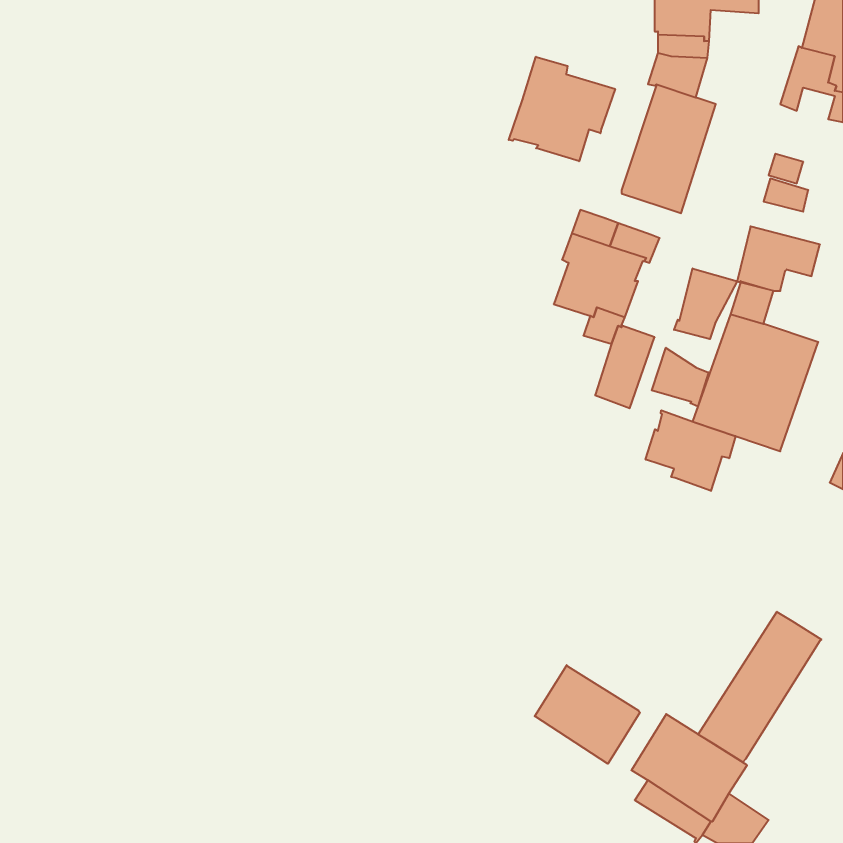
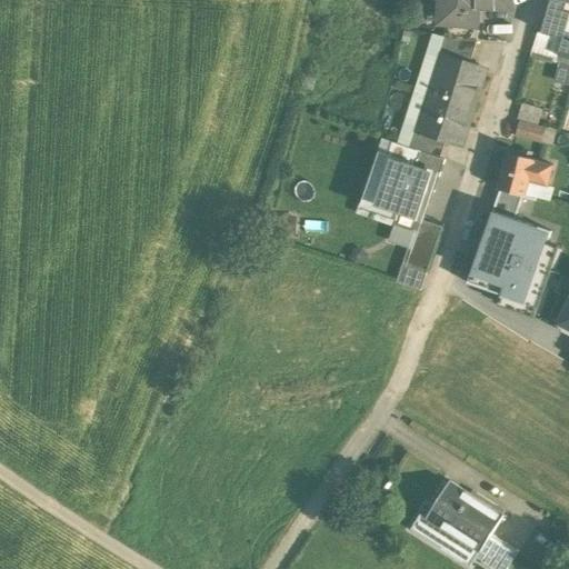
building: [509,57,615,161] -> none
building: none -> [407,126,445,158]
building: [674,268,737,339] -> none
building: [652,348,709,407] -> none
building: [646,410,736,491] -> none
building: [698,612,821,762] -> none
building: [535,665,640,764] -> none

